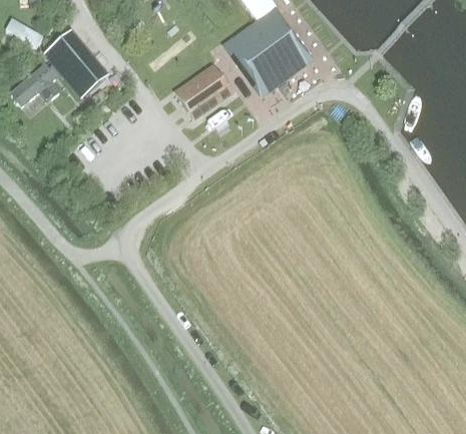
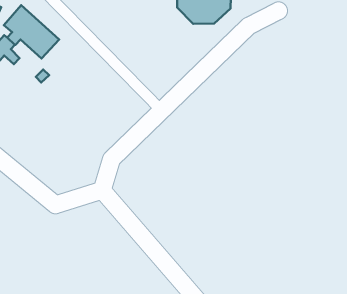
building: [176,71,230,117] -> none

